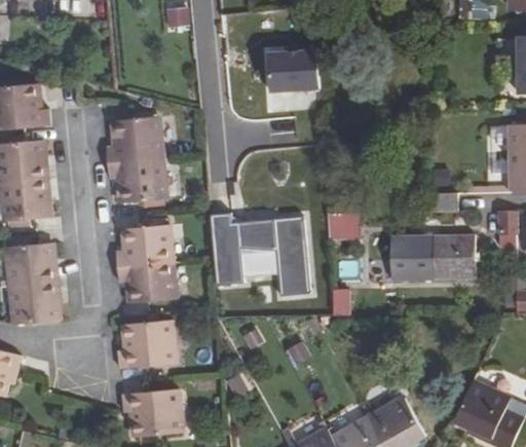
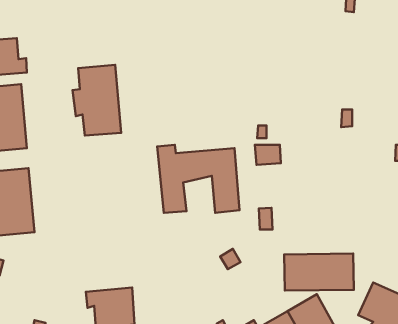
building: [268,47,322,96] -> none
building: [116,224,175,302] -> none
building: [390,234,476,280] -> [284,254,354,291]
building: [118,319,177,368] -> none

